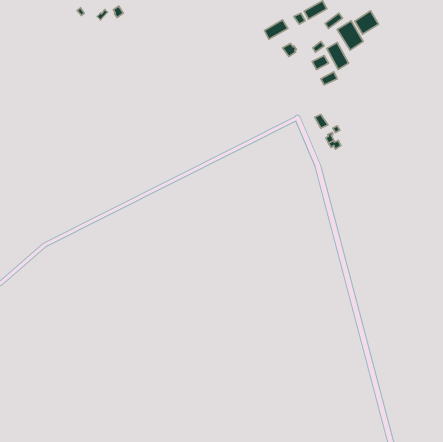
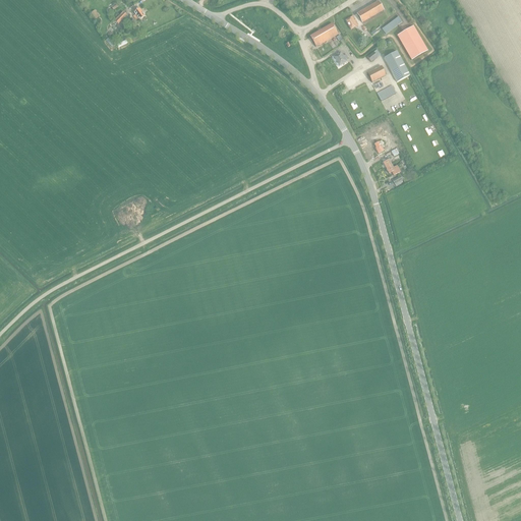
building: [355,11,379,34] -> none

